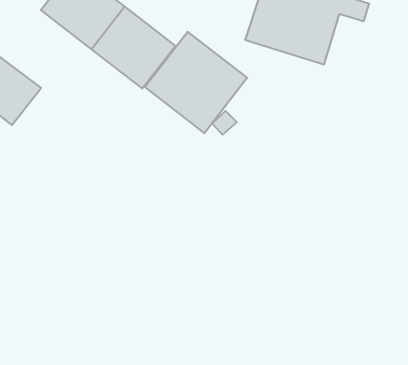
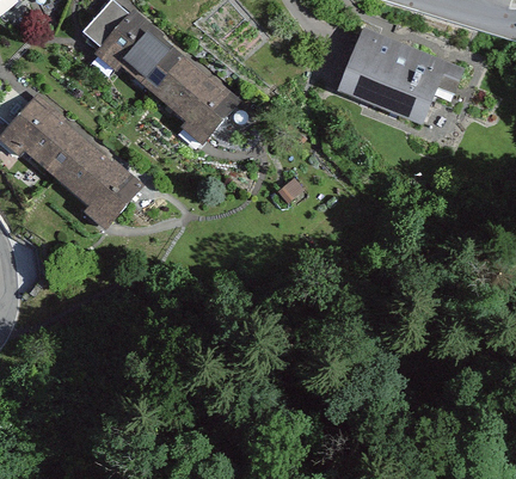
building: [145,32,247,133] -> none
building: none -> [56,137,145,229]

